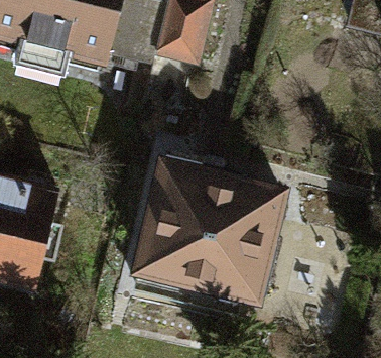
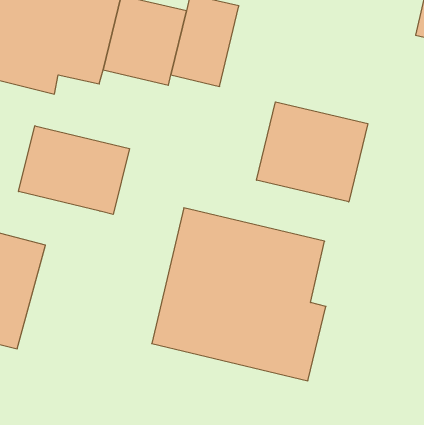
building: none -> [257,102,368,202]
building: none -> [19,126,129,214]

